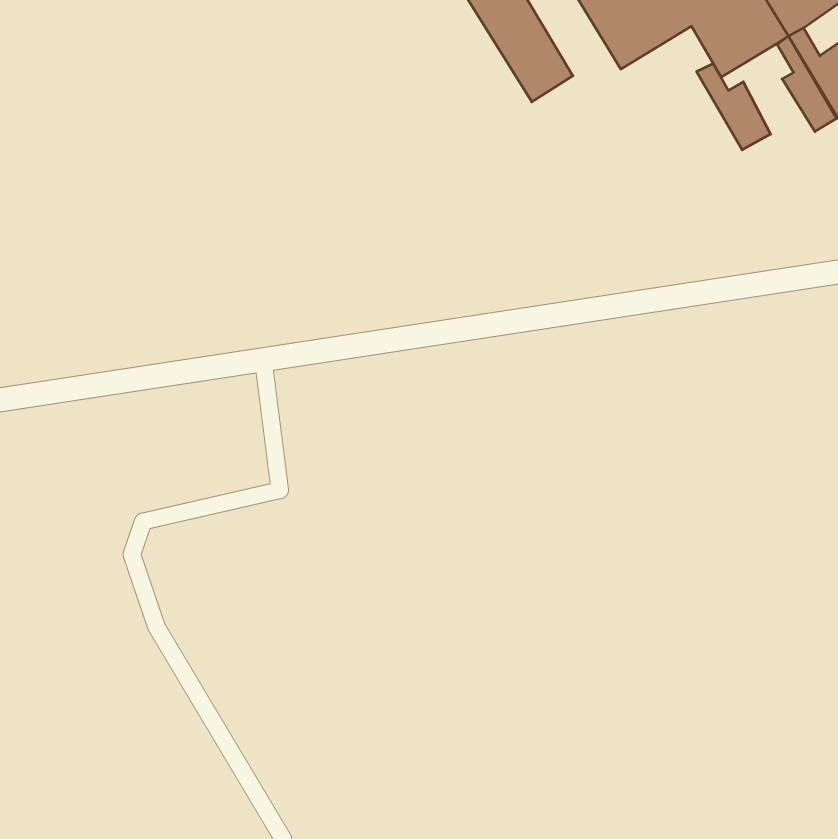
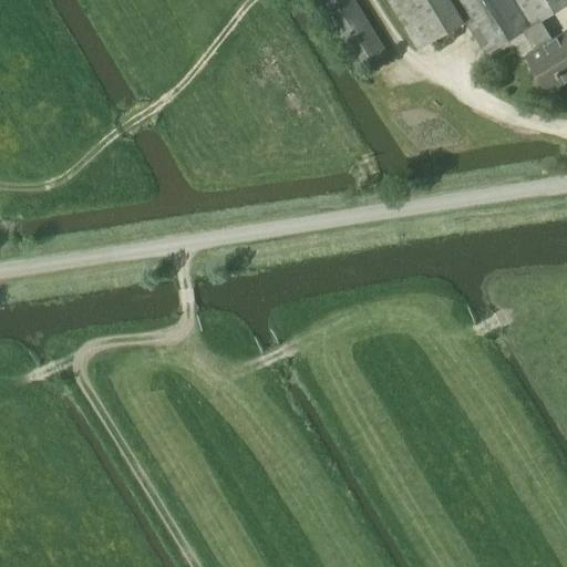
building: [697,63,771,150] -> none

